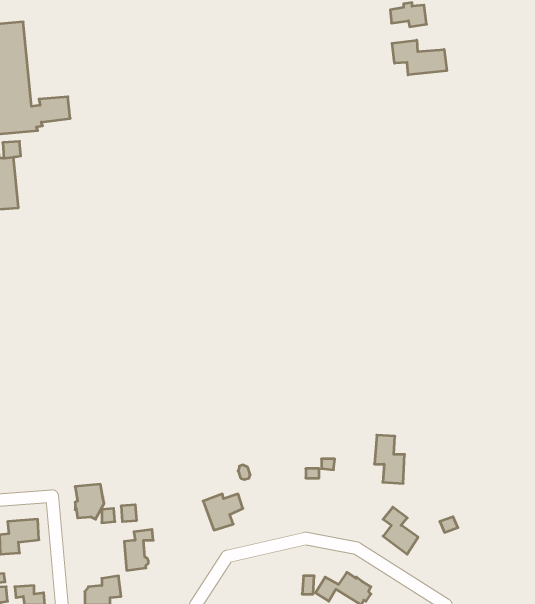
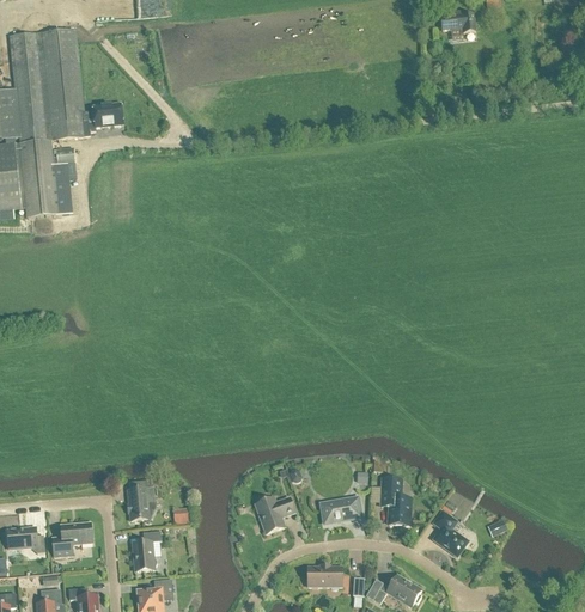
building: [392,40,447,75] -> none
building: [374,435,405,483] -> [379,477,409,525]
building: none -> [321,496,359,521]
building: [124,529,153,570] -> [132,530,160,570]
building: none -> [306,565,341,588]

